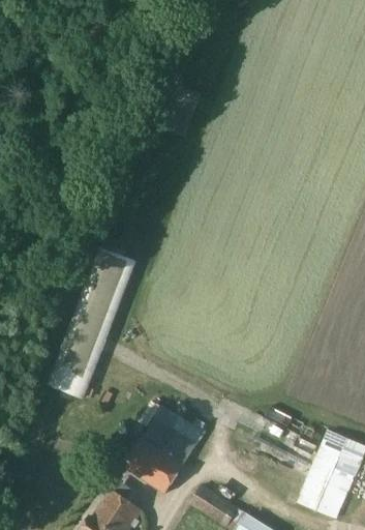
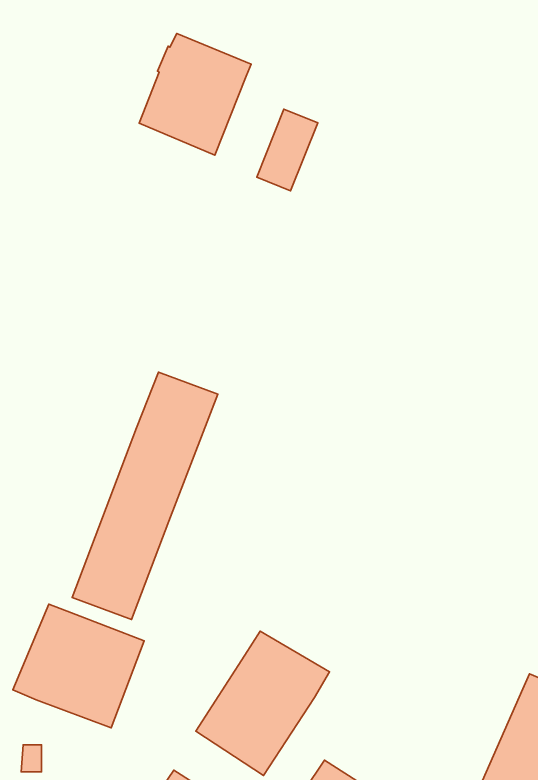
building: none -> [139,34,251,155]
building: none -> [13,604,144,728]

